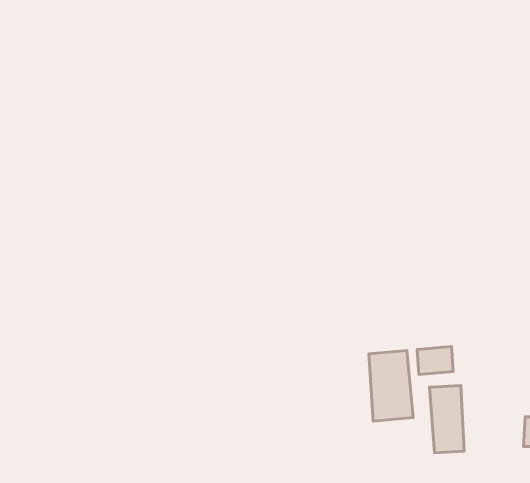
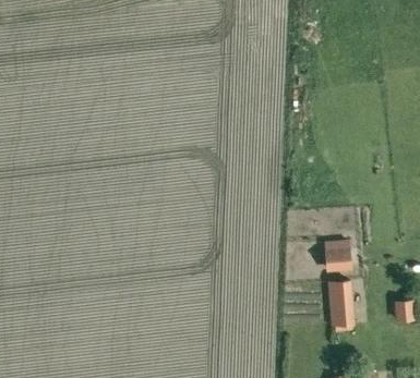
building: [369,350,413,421] -> none

